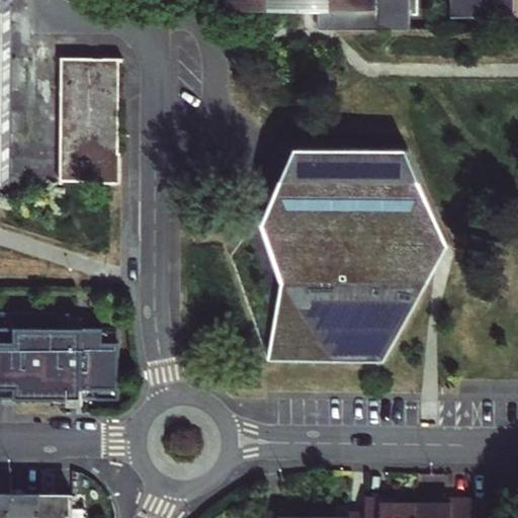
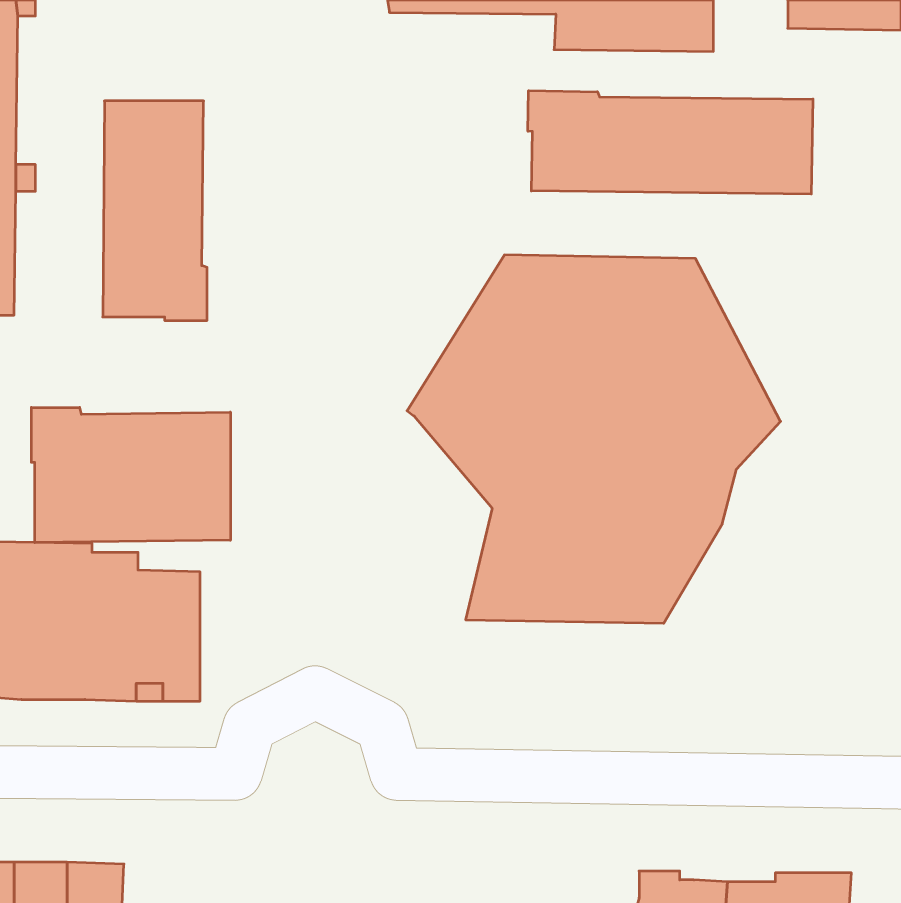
building: none -> [528,91,813,194]
building: none -> [31,407,230,543]

